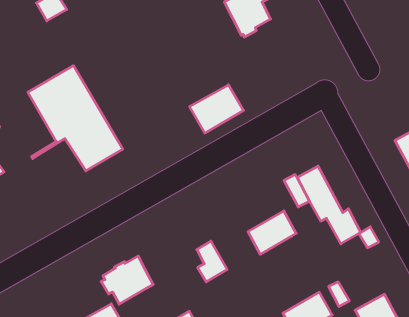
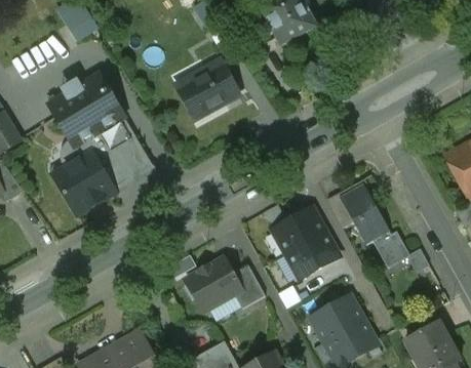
building: [190,85,244,133] -> [178,66,236,118]
building: none -> [52,154,114,214]
building: none -> [273,208,326,254]
building: [101,256,153,304] -> [184,258,240,311]
building: none -> [311,295,364,342]

